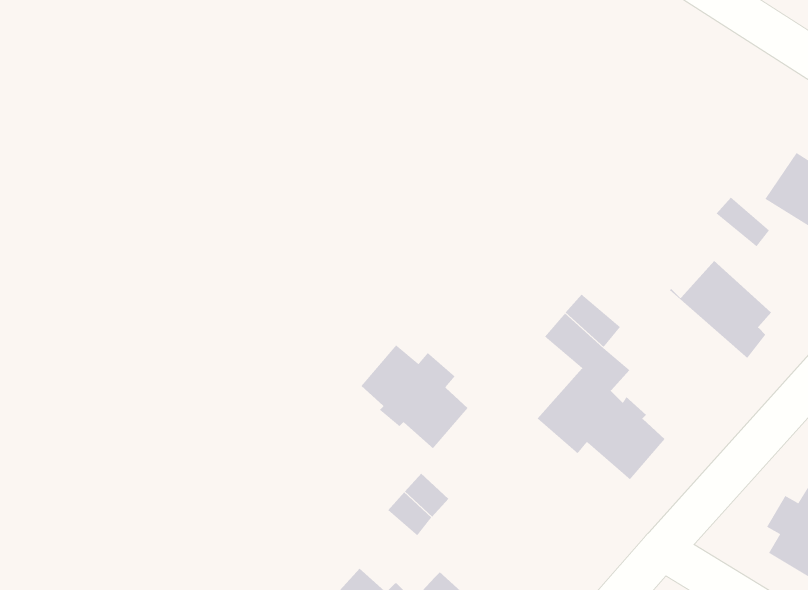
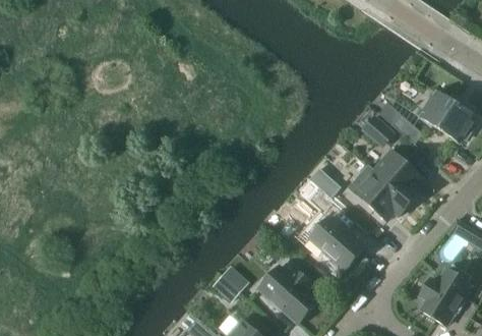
building: none -> [362,115,395,148]
building: none -> [349,166,410,220]
building: [360,345,469,449] -> [259,266,318,323]

